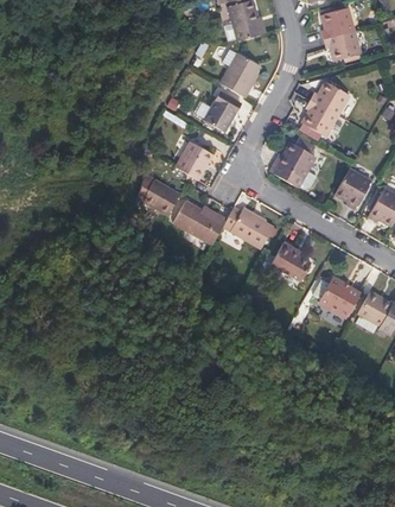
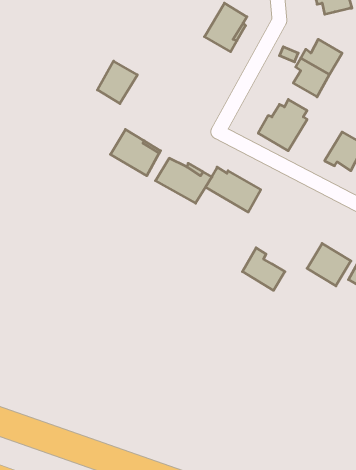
building: [204,89,242,129] -> none
building: [176,139,214,179] -> [97,61,137,104]
building: [270,241,311,281] -> [242,248,285,290]

